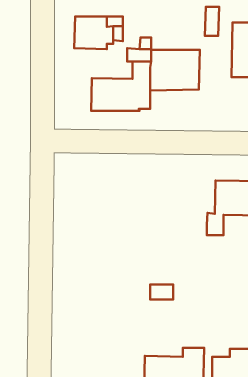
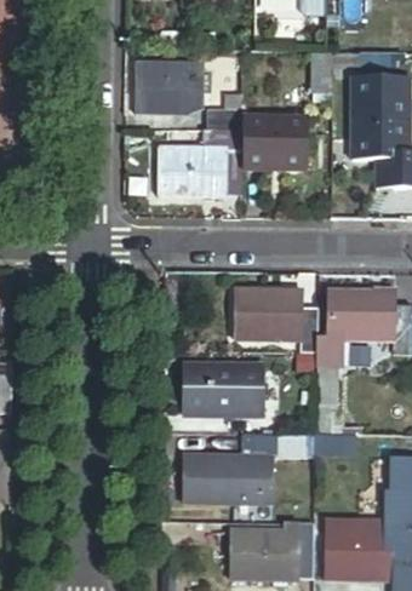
building: none -> [234,292,317,352]
building: none -> [182,366,262,415]
building: none -> [184,455,250,501]

